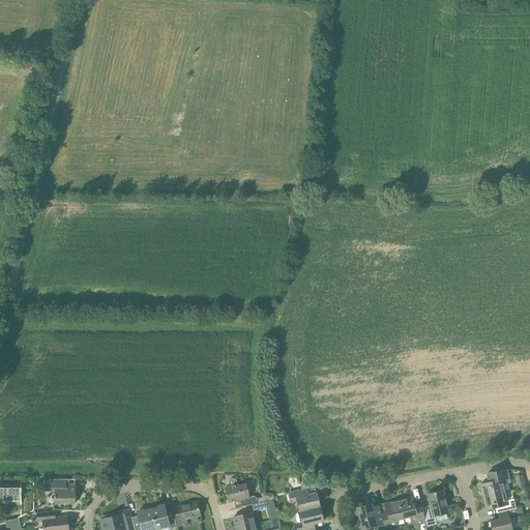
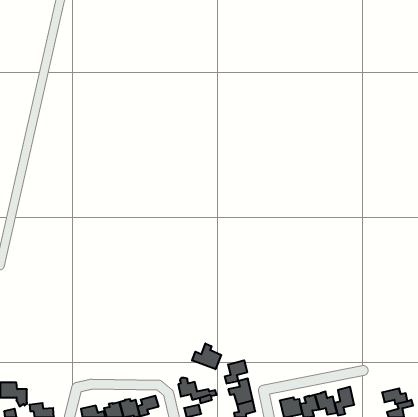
building: none -> [192,343,221,369]
building: none -> [225,360,247,384]
building: [480,469,510,497] -> none
building: [46,478,76,503] -> none

